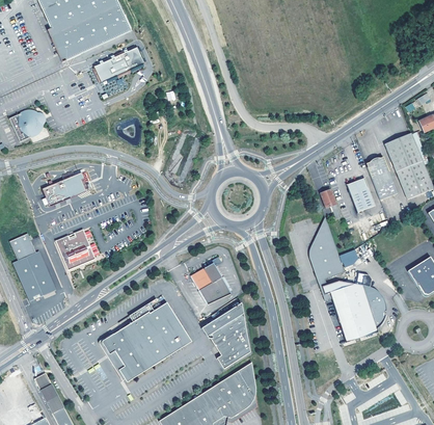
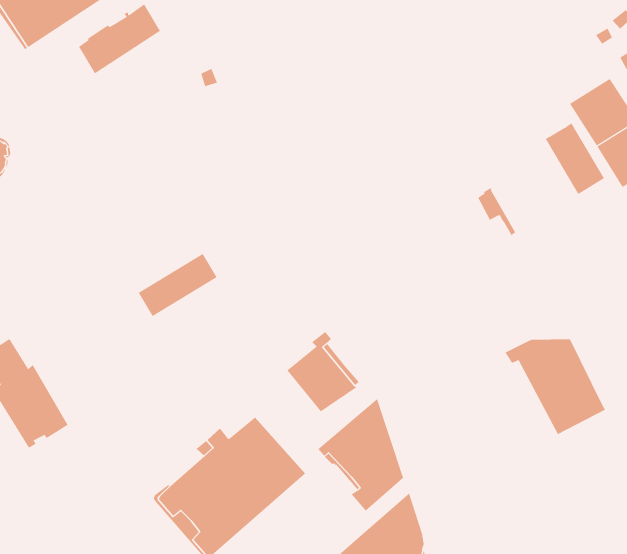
building: [43,170,91,204] -> [138,253,217,317]
building: [346,177,375,211] -> none
building: [313,218,345,280] -> none
building: [56,229,94,269] -> none
building: [362,284,387,326] -> none

